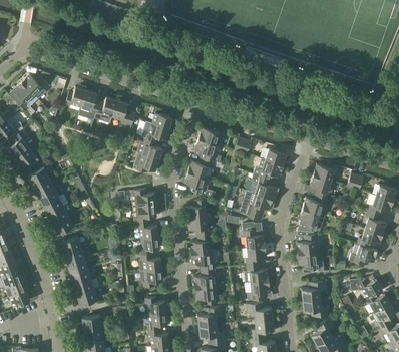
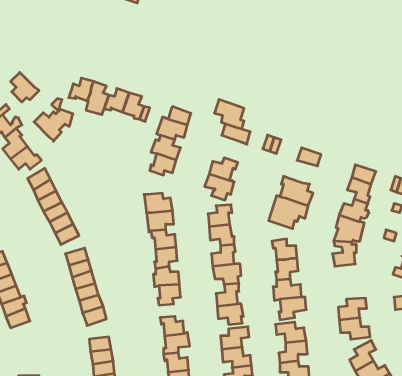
building: [21,71,55,99] -> [34,109,73,141]
building: [194,137,221,163] -> [214,99,244,129]
building: [253,158,283,181] -> none
building: [298,251,323,273] -> none

